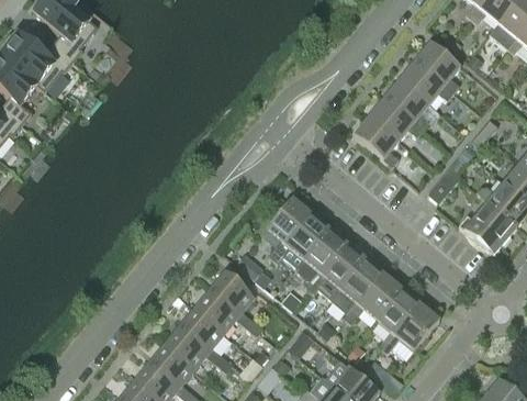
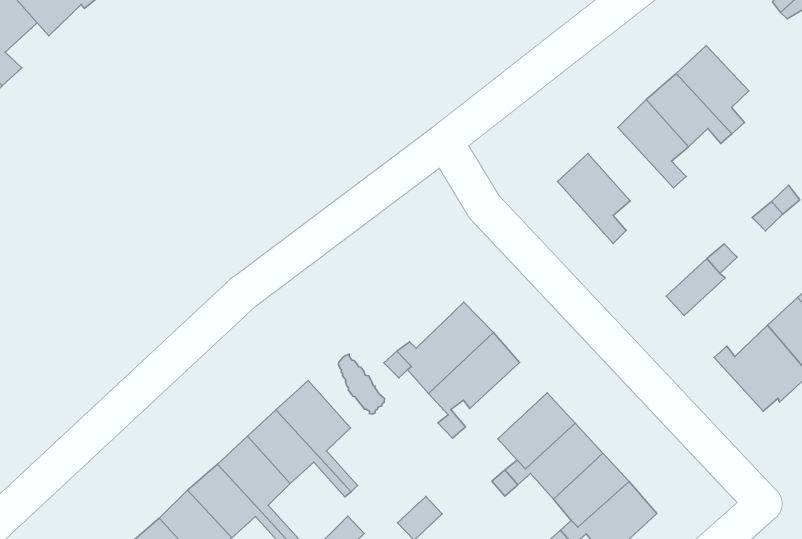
building: [370,98,423,140] -> none
building: [267,197,310,243] -> none
building: [311,243,366,289] -> none

